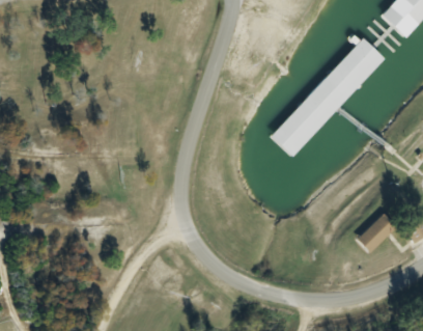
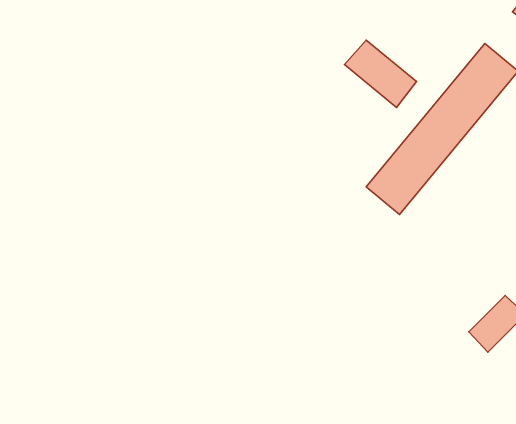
building: none -> [344,40,416,108]

